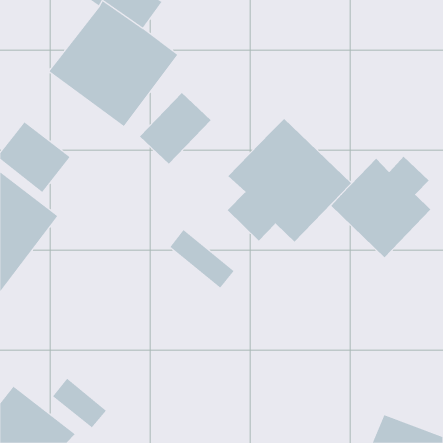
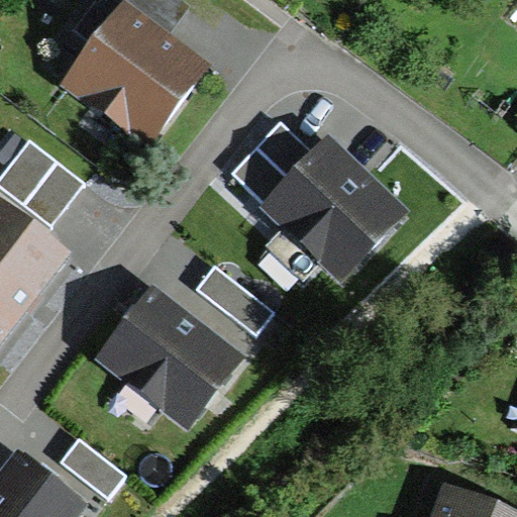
building: [139,92,211,164] -> [230,121,314,205]
building: [330,156,431,258] -> none
building: none -> [98,289,242,427]

